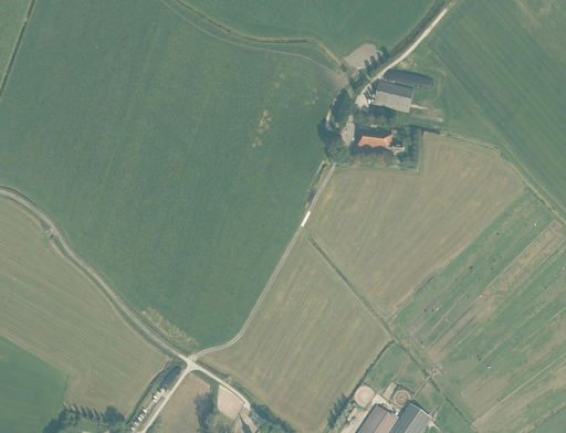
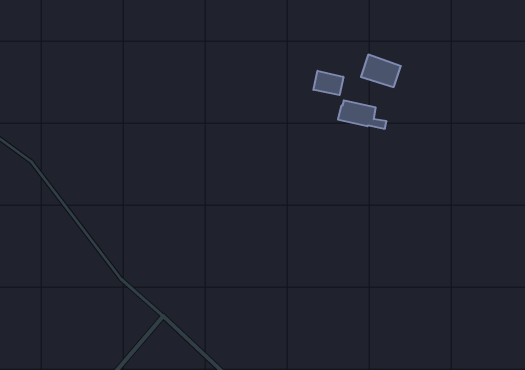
building: none -> [313,71,343,95]

